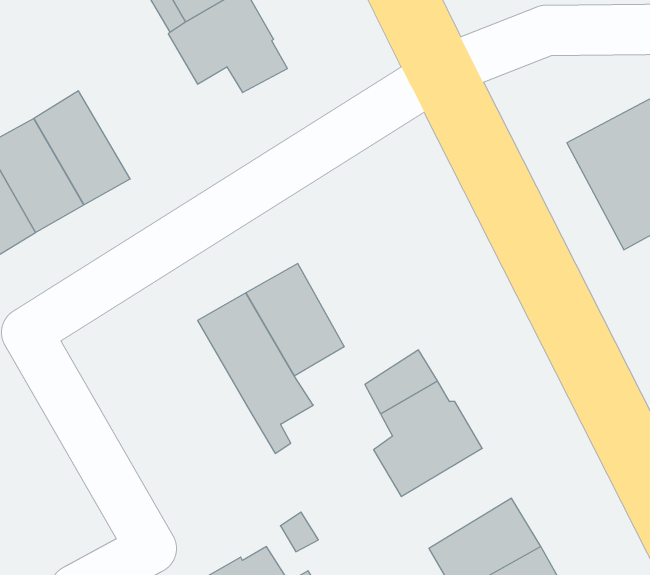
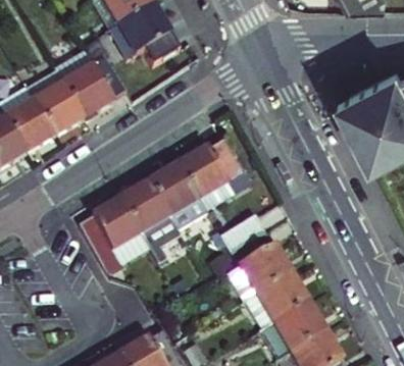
building: none -> [49,51,120,120]
building: none -> [179,151,240,219]
building: none -> [79,204,149,281]
building: none -> [240,279,305,338]

